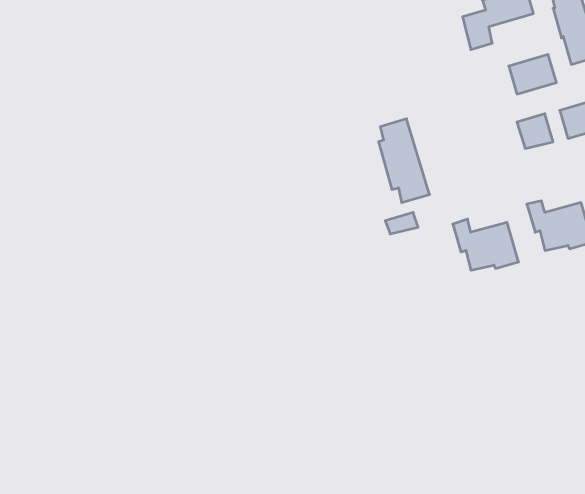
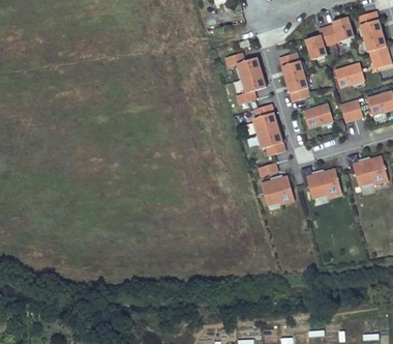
building: none -> [225,52,266,105]
building: none -> [279,53,309,102]
building: none -> [303,104,333,128]
building: none -> [261,175,294,208]

